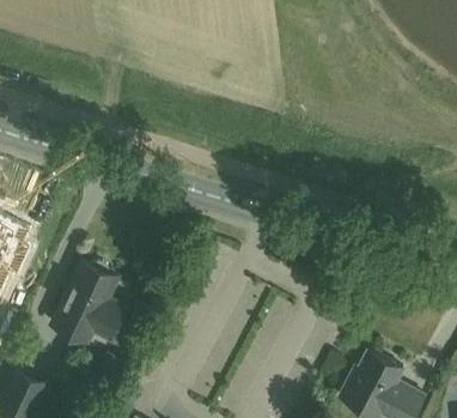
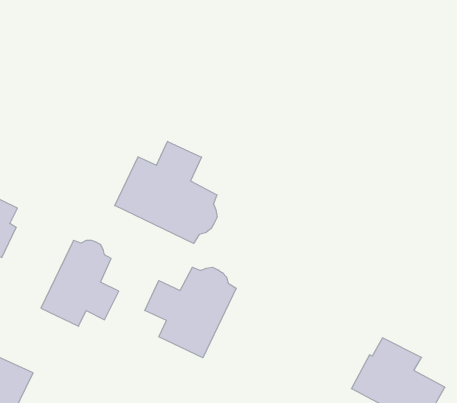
building: none -> [115,141,217,243]
building: none -> [145,267,236,358]

